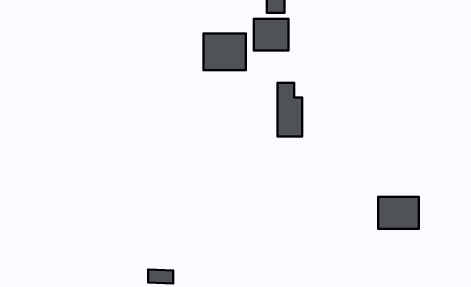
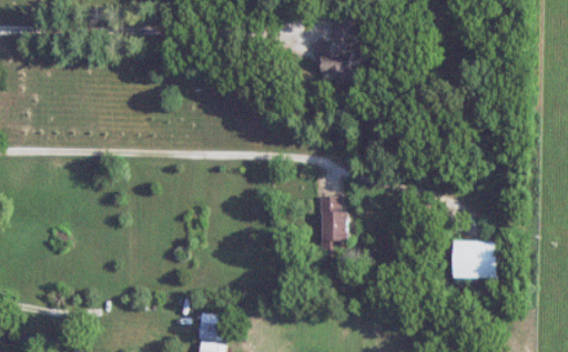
building: [203,34,246,70] -> none
building: [277,83,302,136] -> [320,195,347,255]

